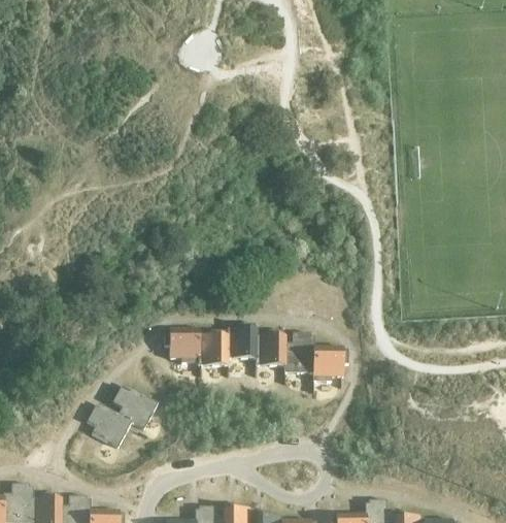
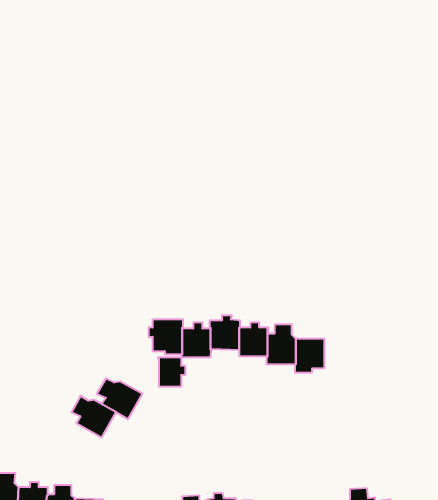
building: none -> [158,357,185,387]

